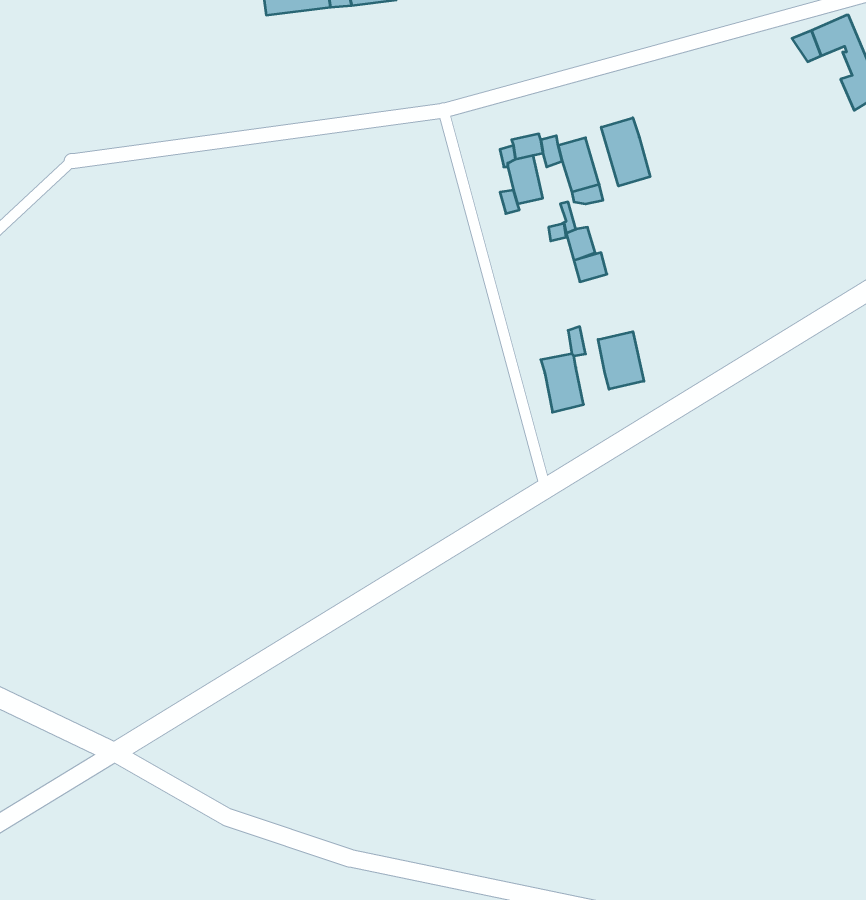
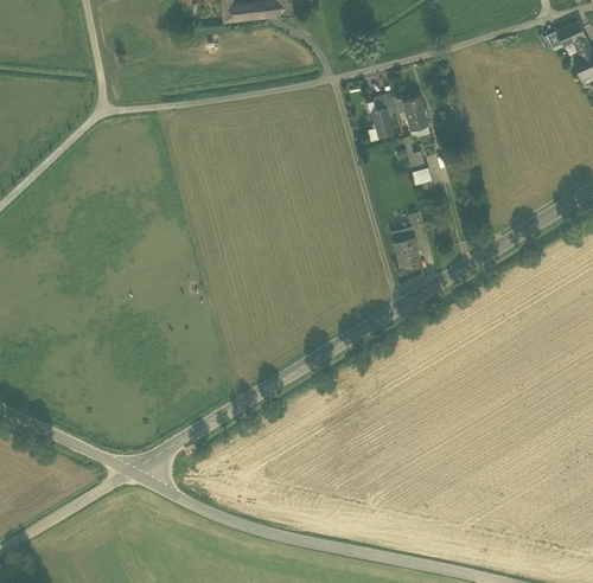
building: [601,118,650,186] -> none
building: [598,332,644,389] -> none

